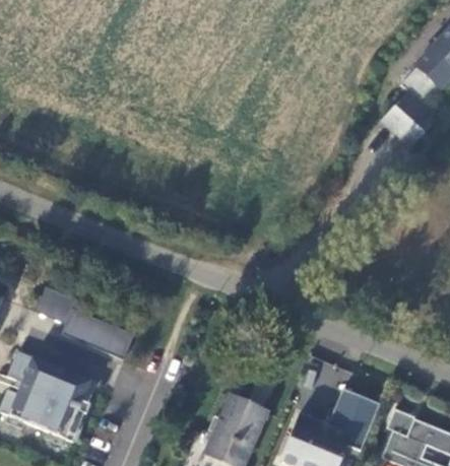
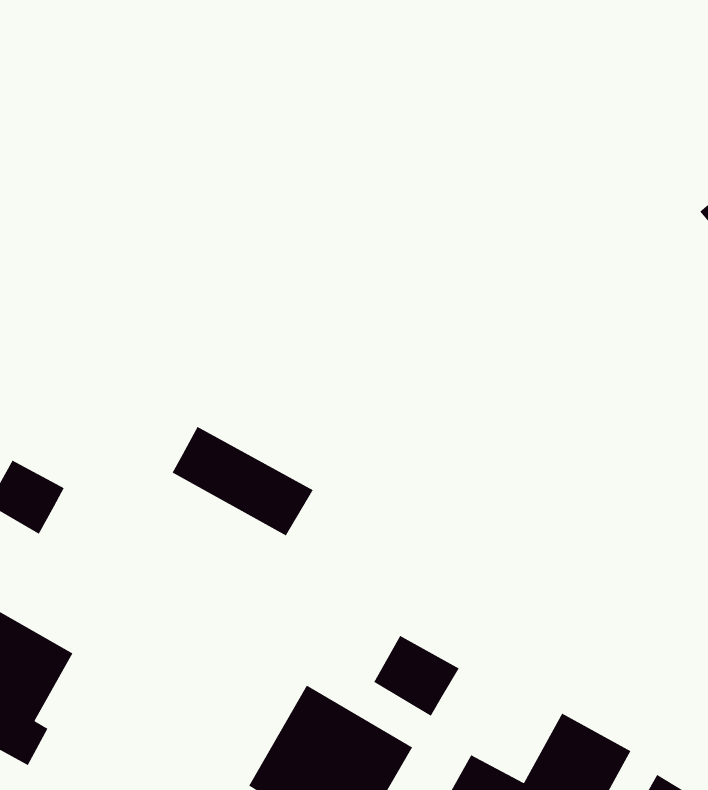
building: [63,310,136,360] -> [171,426,314,537]
building: none -> [373,635,460,717]

